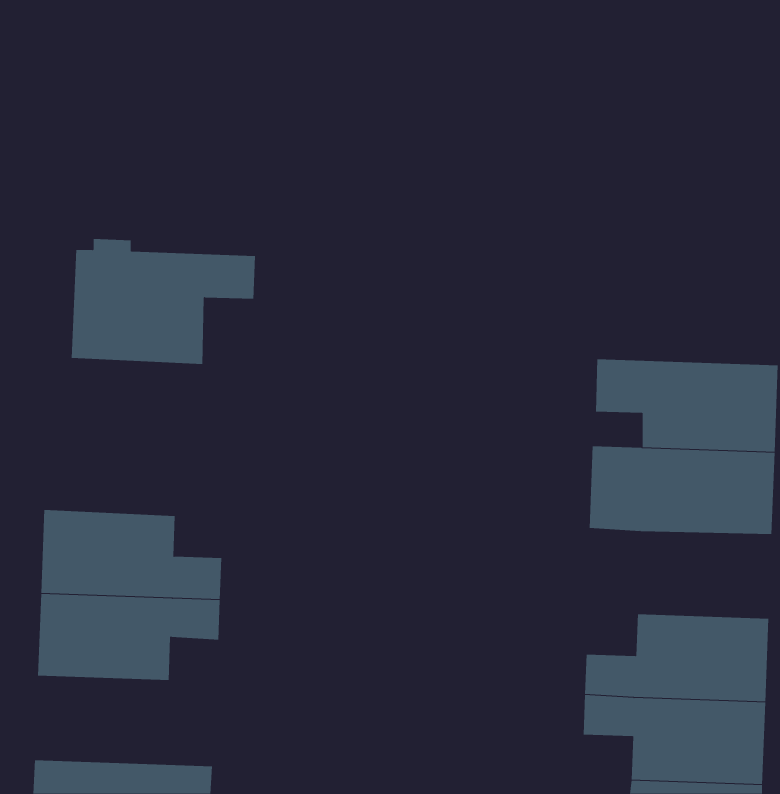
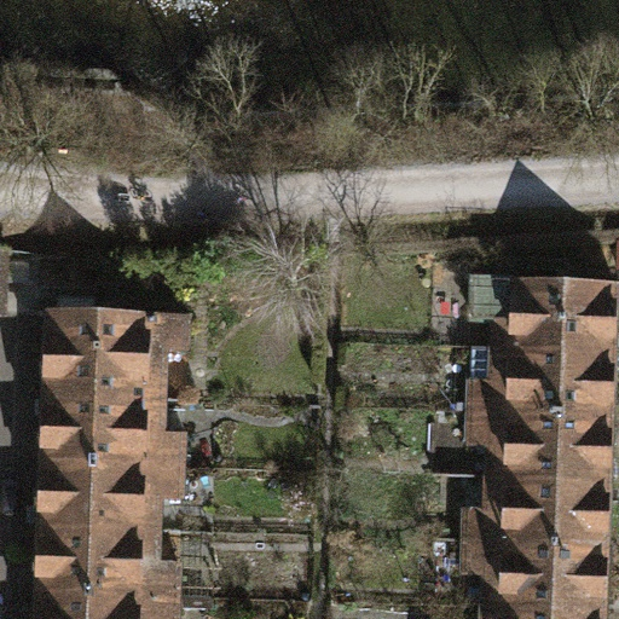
building: [71,239,256,364] -> [45,303,189,401]
building: none -> [467,411,612,481]
building: none -> [37,526,178,596]

